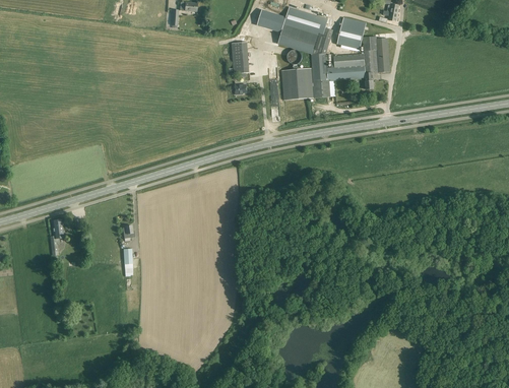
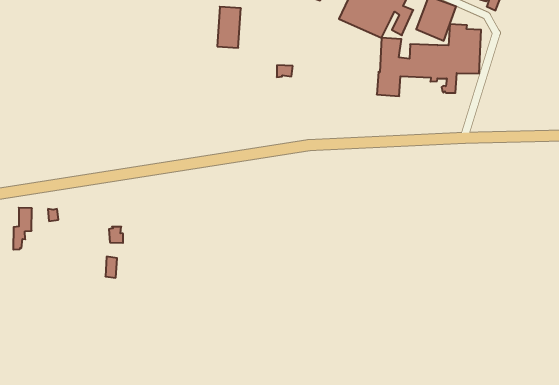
building: [232,42,250,73] -> [217,7,241,48]
building: [281,68,314,100] -> none

